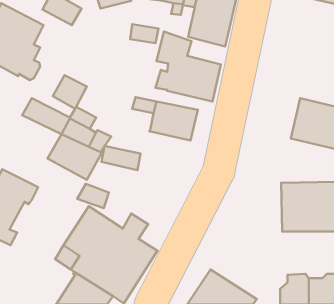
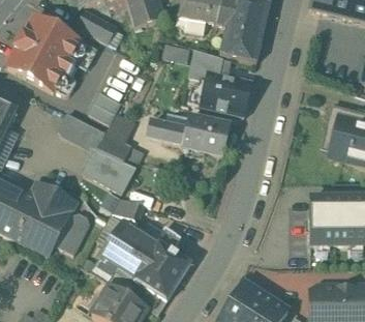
building: [101,146,141,170] -> [148,119,186,143]
building: none -> [45,211,89,247]

